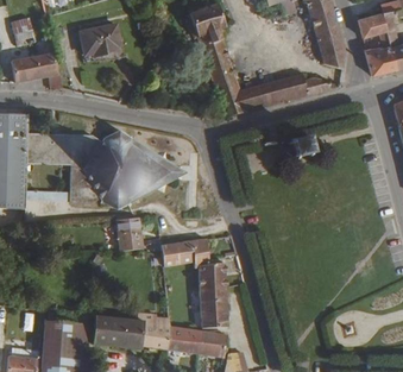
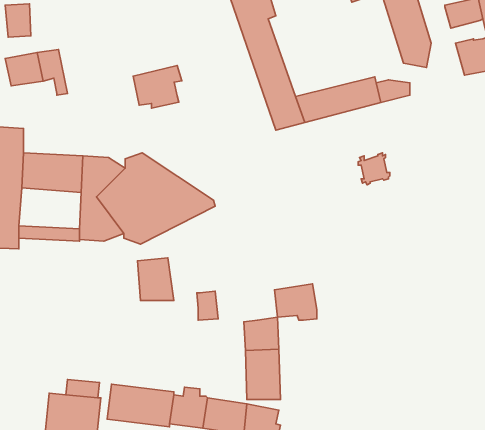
building: [83,24,121,57] -> [133,66,182,108]
building: [177,238,210,266] -> [274,284,317,320]

